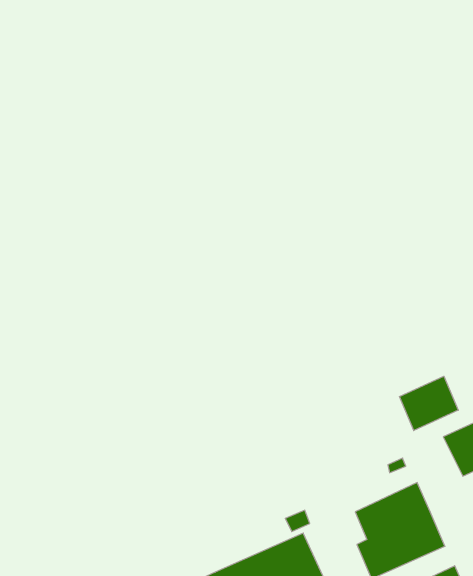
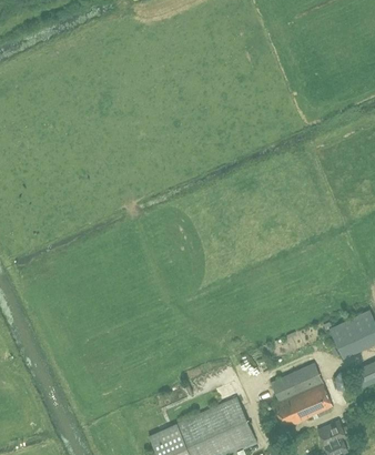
building: [399,376,458,431] -> none

